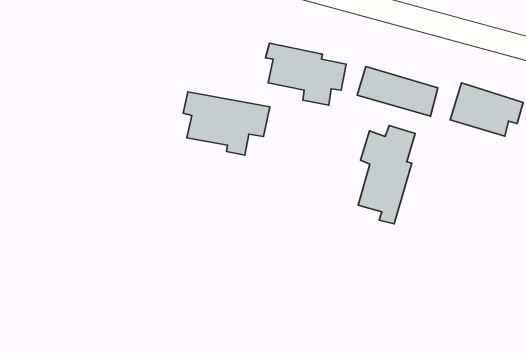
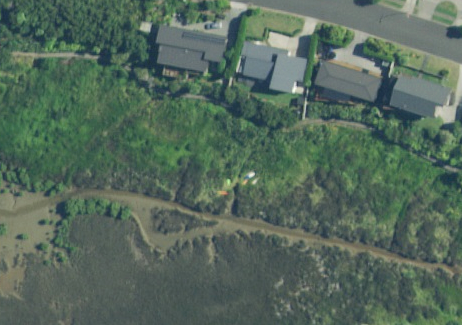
building: [183,92,270,155] -> [156,25,226,76]
building: [358,125,415,224] -> none

